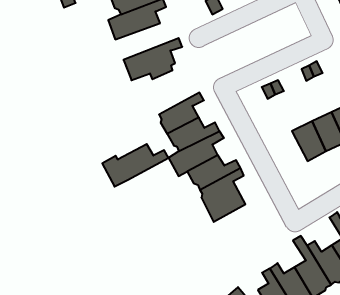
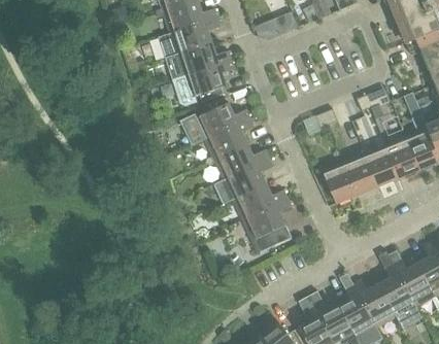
building: none -> [166,44,232,80]
building: none -> [324,164,359,204]
building: [102,144,168,187] -> [181,103,250,145]

